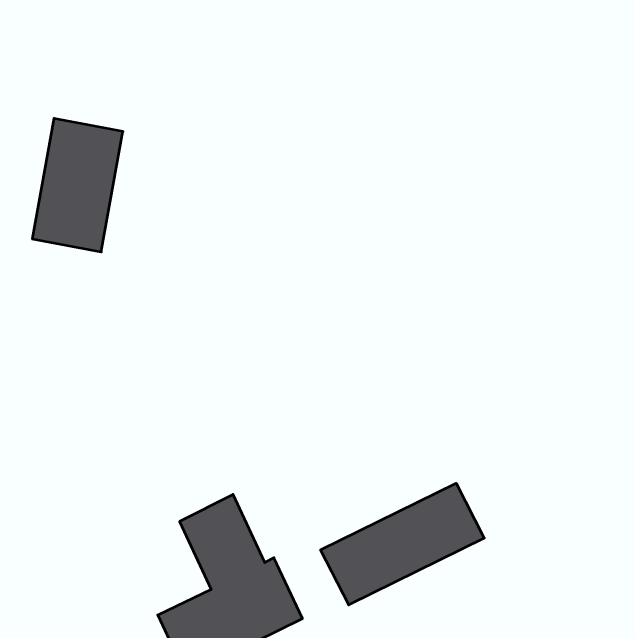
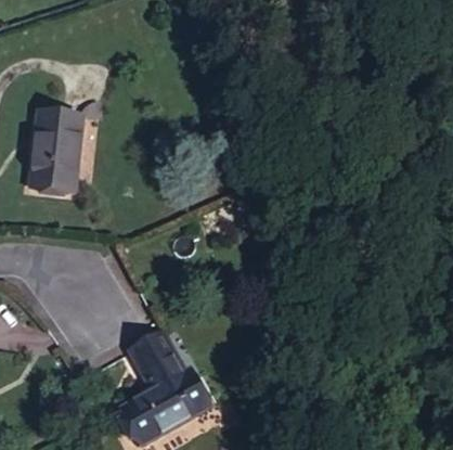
building: [321,483,484,605] -> none

